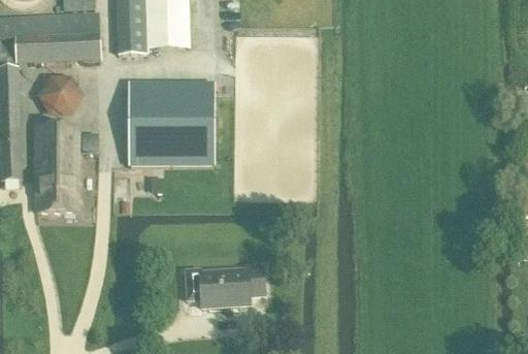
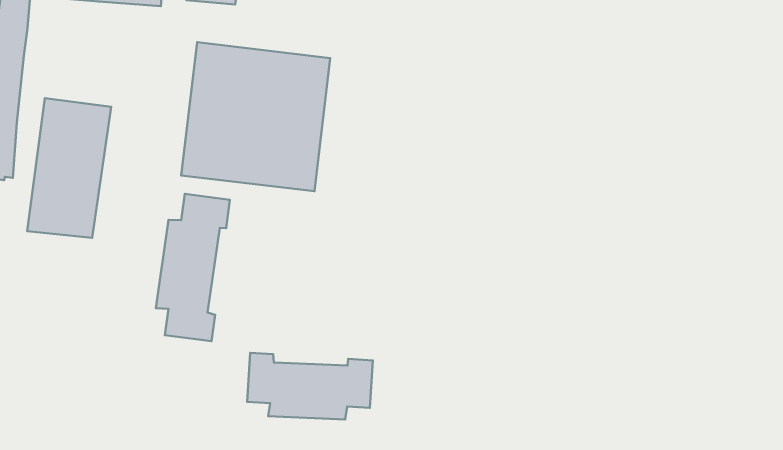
building: [39,69,85,114] -> none
building: none -> [156,194,230,341]

